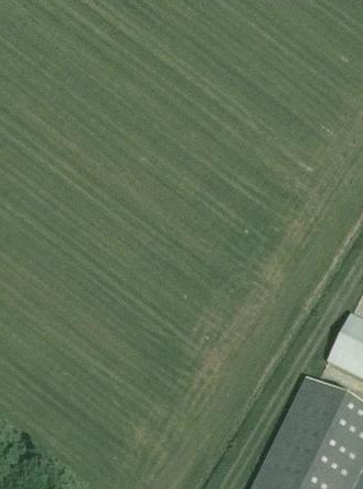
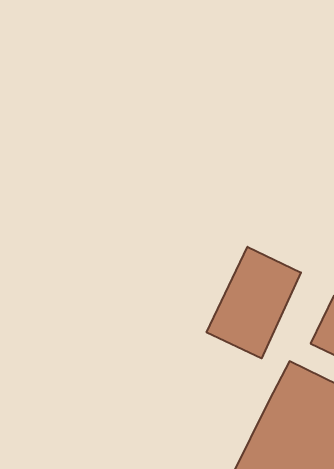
building: none -> [207,247,301,358]

